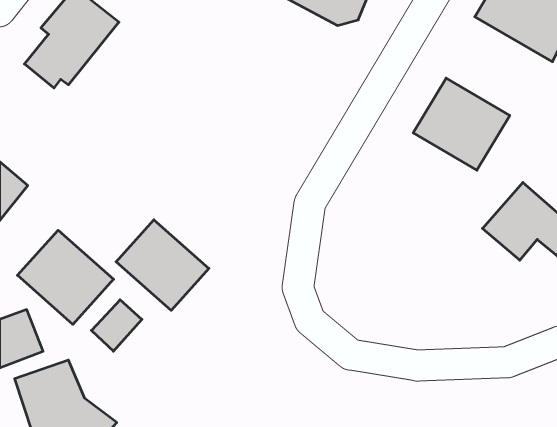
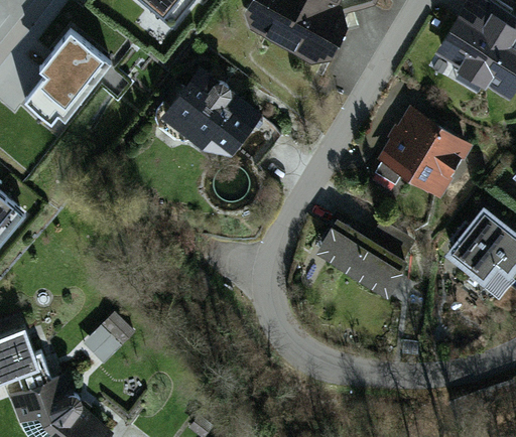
building: none -> [158,66,259,166]
building: none -> [317,225,404,300]
building: [116,220,209,310] -> none
building: [17,230,114,324] -> none

